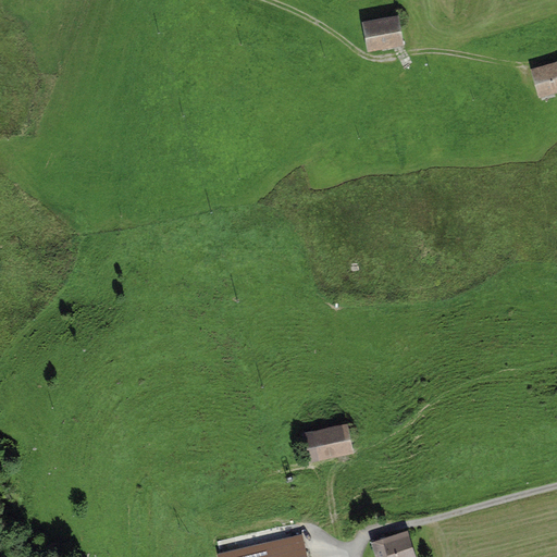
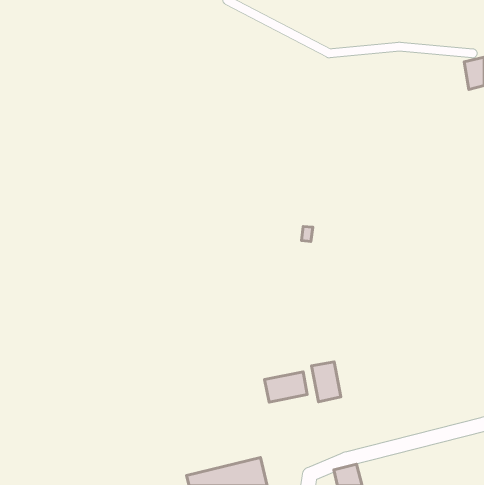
building: [362,17,403,50] -> none
building: none -> [312,362,341,402]

